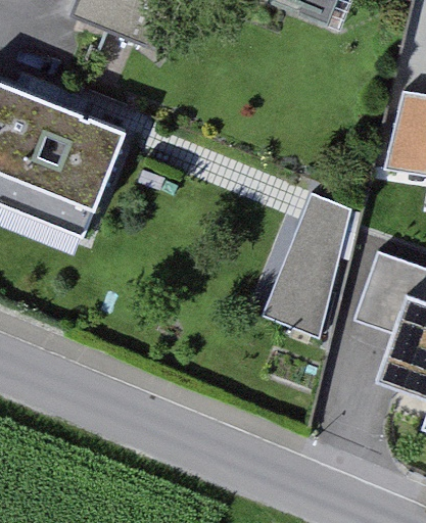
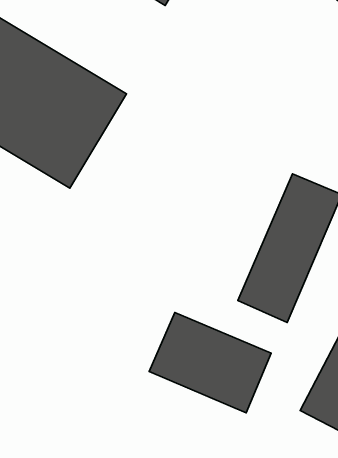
building: none -> [149,312,271,413]

